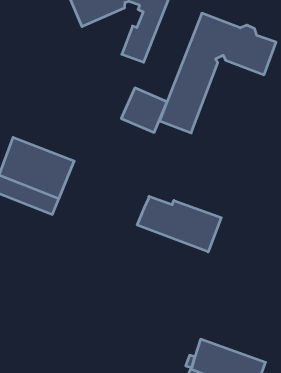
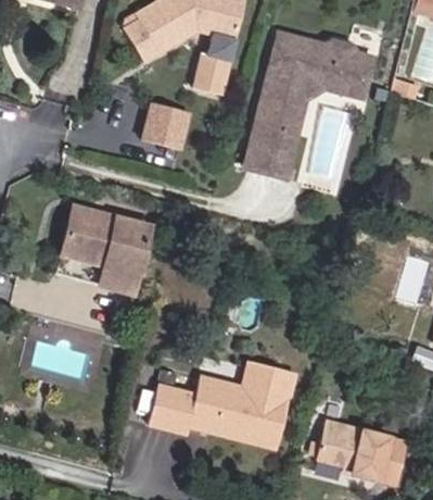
building: [121,88,167,132] -> [142,99,194,149]
building: [137,196,221,252] -> none
building: none -> [148,360,295,447]

